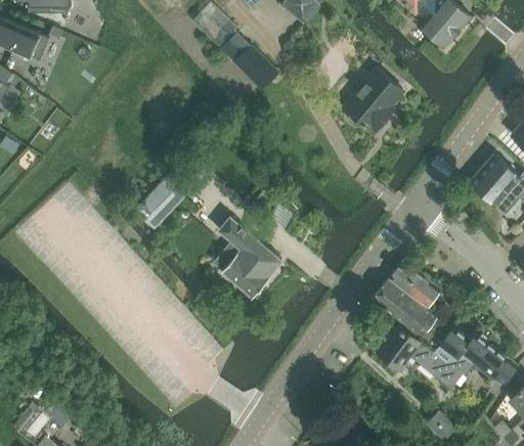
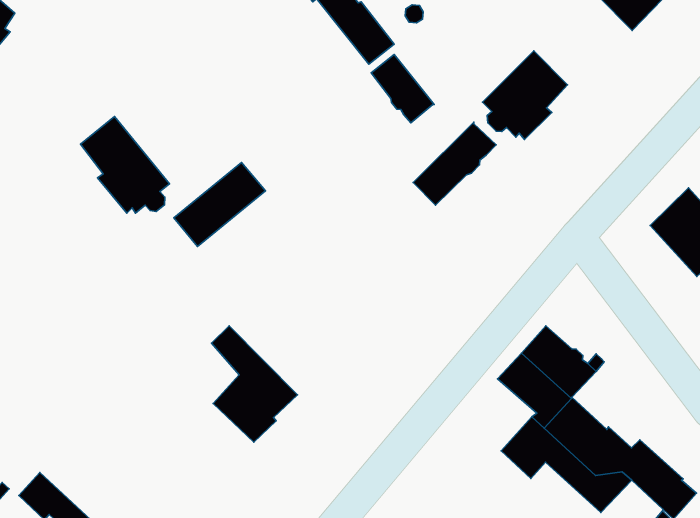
building: none -> [371,55,434,123]
building: none -> [413,122,496,205]
building: none -> [81,116,169,213]
building: [218,218,281,298] -> [211,326,297,442]

